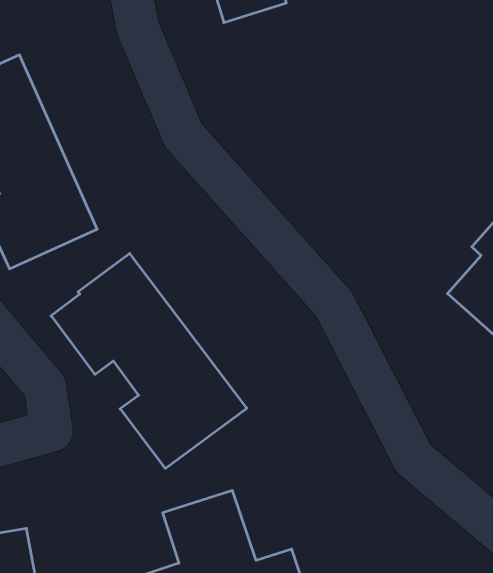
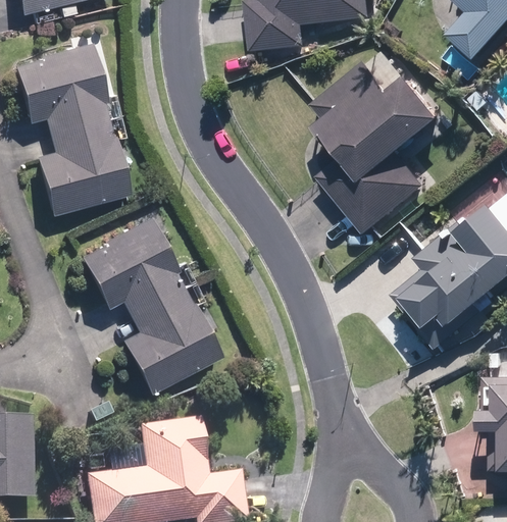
building: none -> [315,63,438,232]

